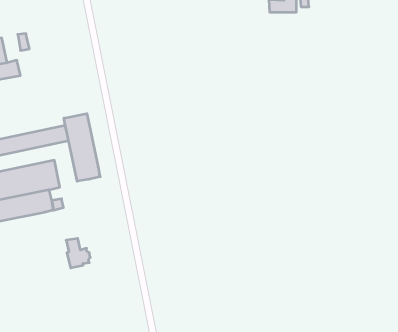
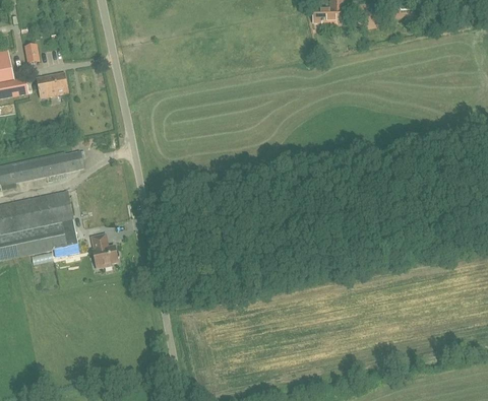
building: none -> [36,72,67,96]
building: [64,114,100,181] -> none
building: [66,238,90,268] -> [92,233,119,267]

